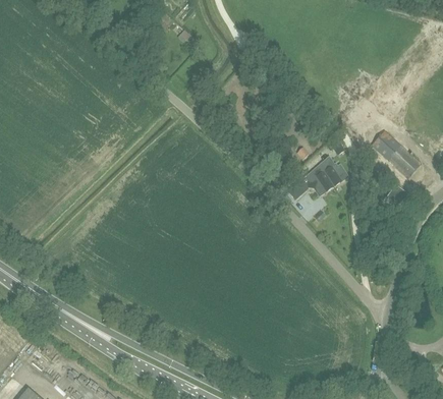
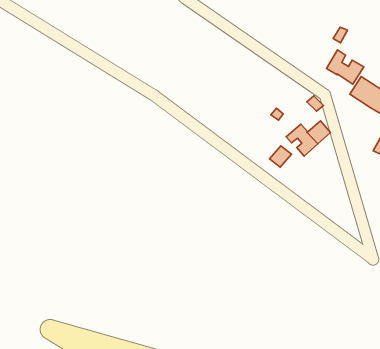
building: none -> [327,50,364,84]

